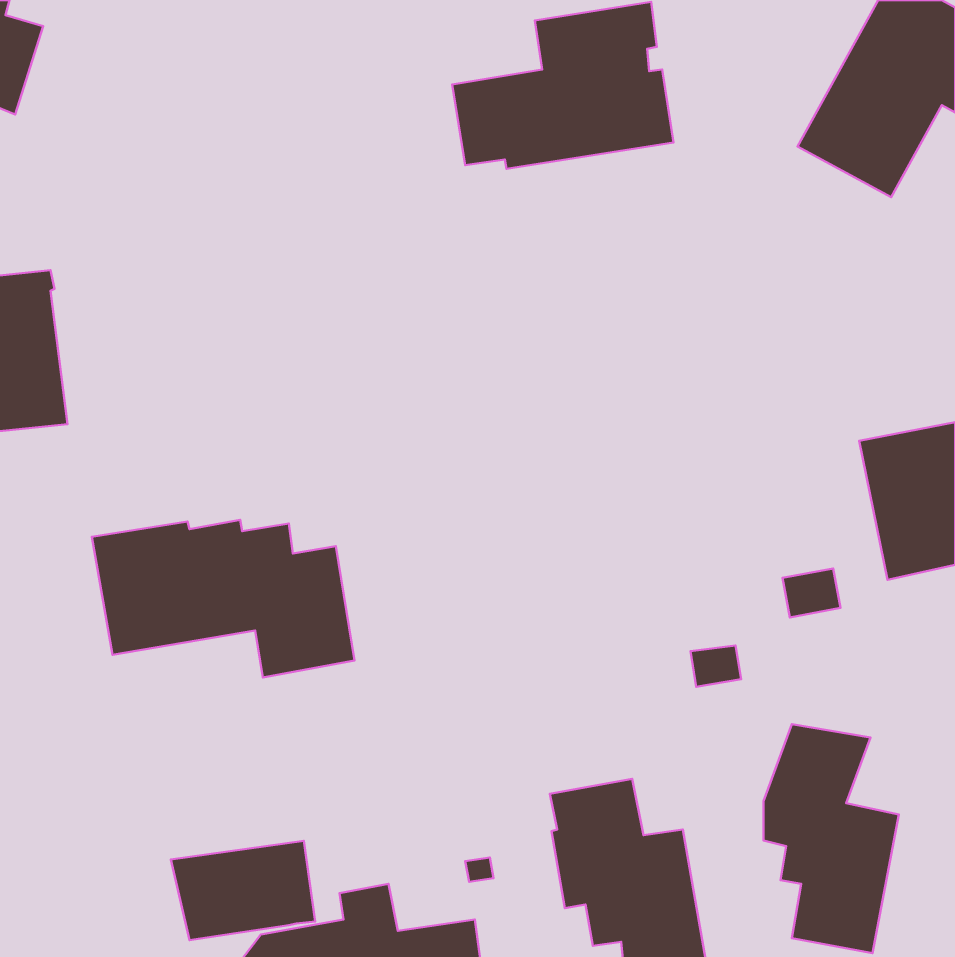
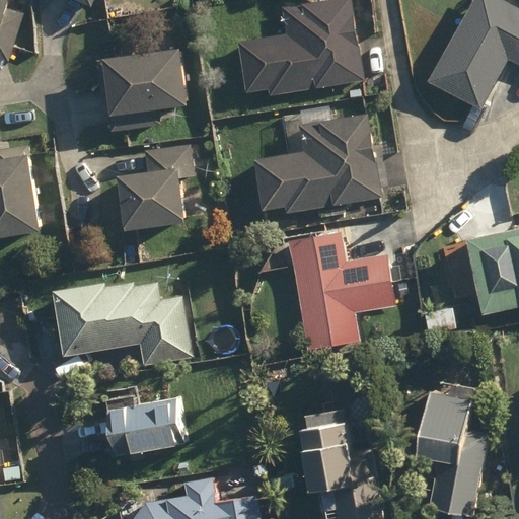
building: none -> [95,49,184,132]
building: none -> [262,120,381,210]
building: none -> [115,144,192,229]
building: none -> [295,229,394,346]
building: [171,841,315,940] -> [103,399,181,453]

